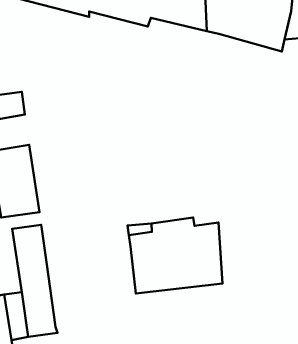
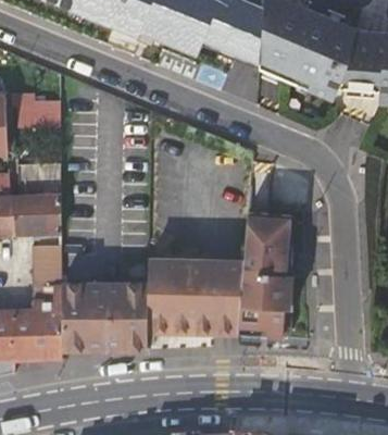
building: none -> [238,209,290,334]
building: none -> [61,278,149,350]

